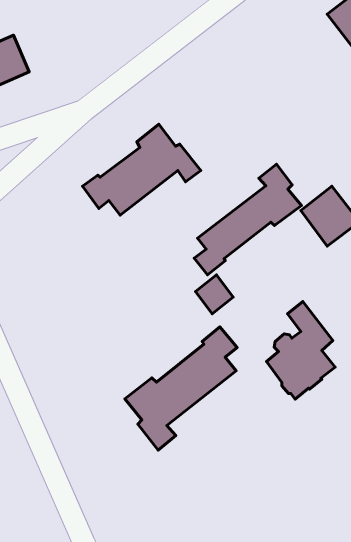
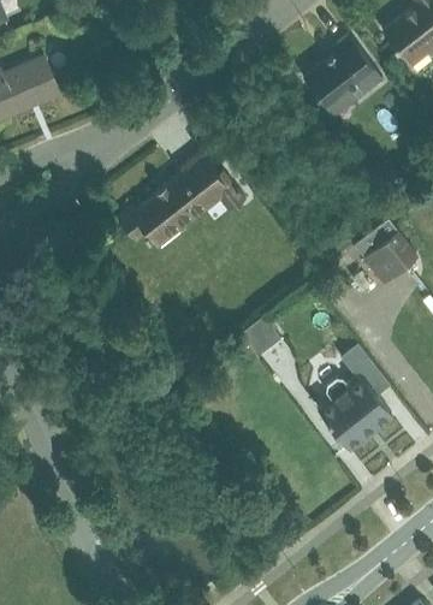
building: none -> [304,35,384,118]
building: [194,164,301,275] -> none
building: [125,327,237,450] -> none

